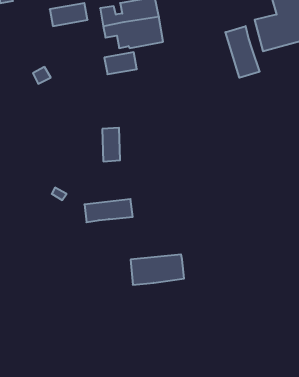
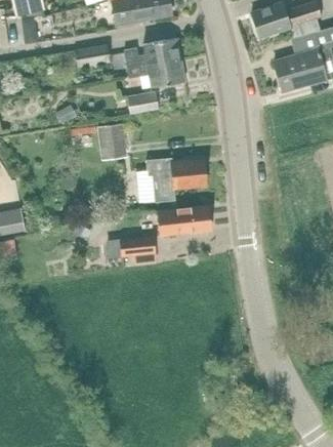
building: [225,26,260,78] -> none
building: none -> [99,123,124,158]
building: none -> [147,157,207,202]
building: [131,254,184,285] -> [159,206,211,236]

